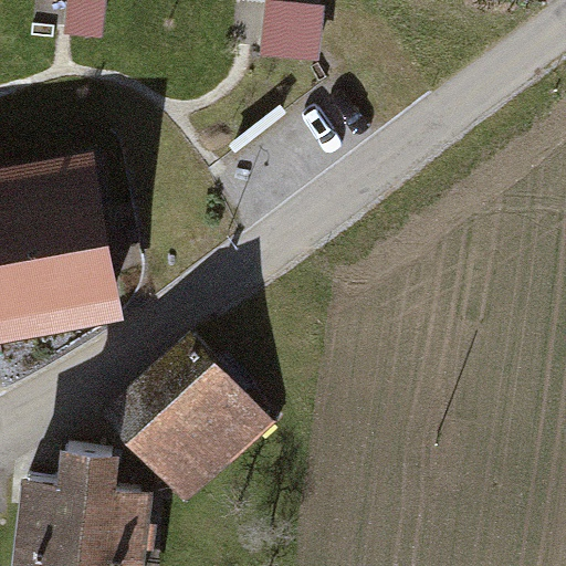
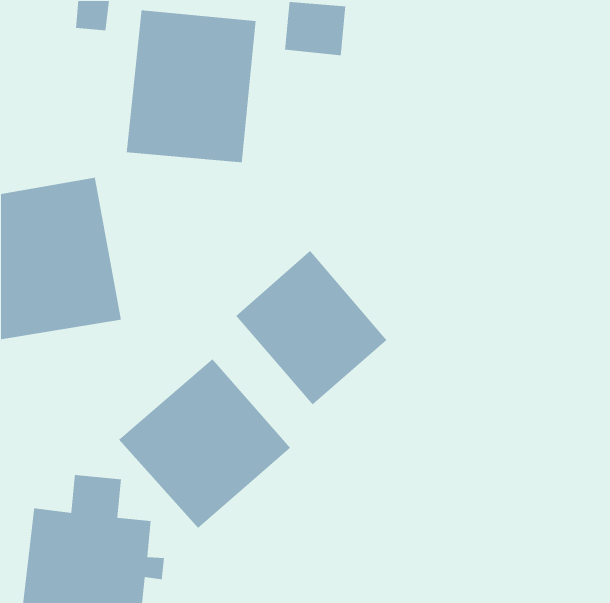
building: none -> [126,9,257,163]
building: none -> [235,250,387,406]

